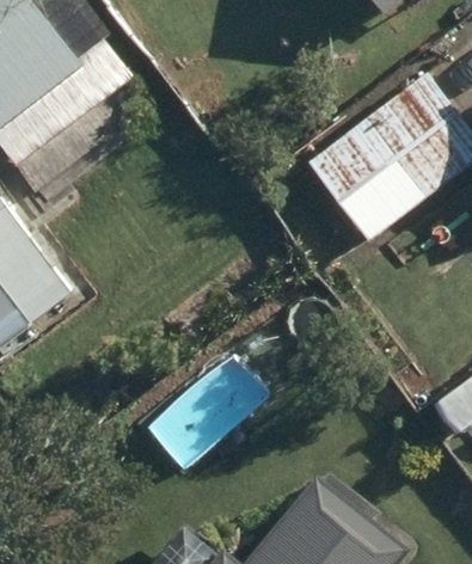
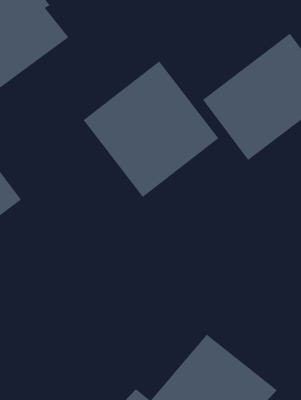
building: none -> [83,61,219,198]

